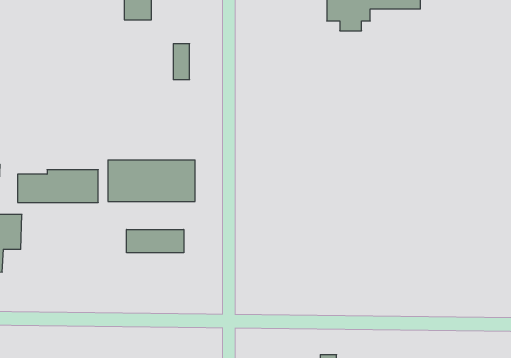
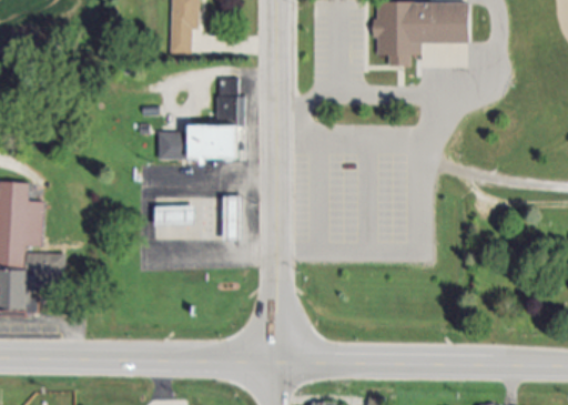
building: [18,170,98,202] -> [158,125,240,159]
building: [127,229,184,253] -> none

